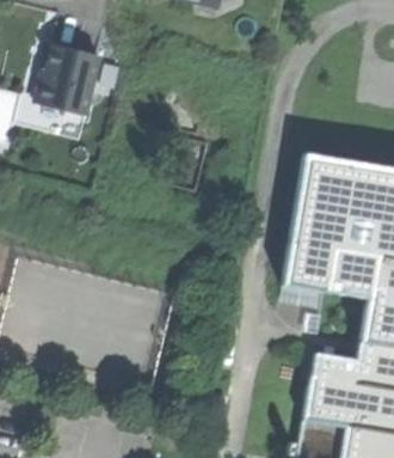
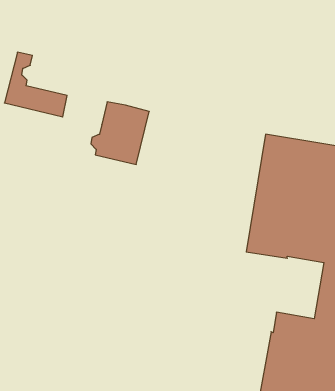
building: [36,43,100,112] -> [91,102,149,164]

